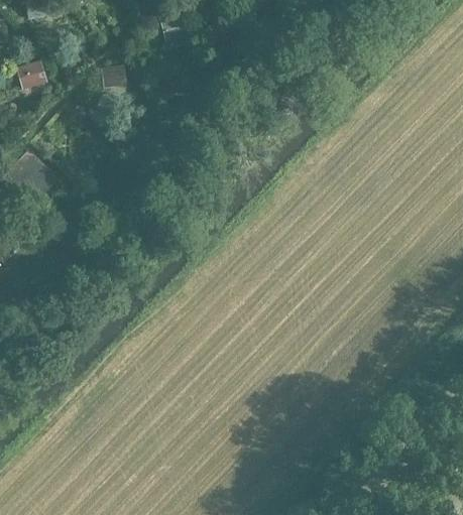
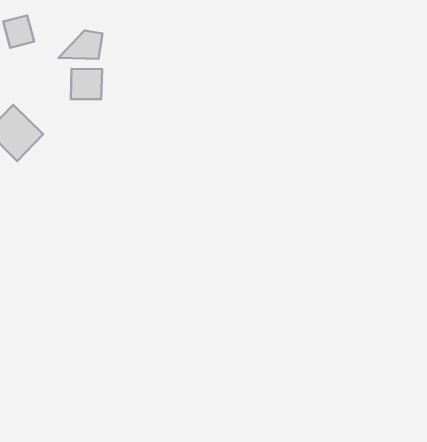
building: none -> [71,69,102,99]

